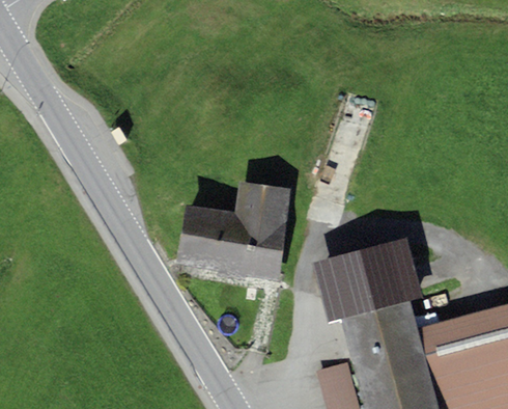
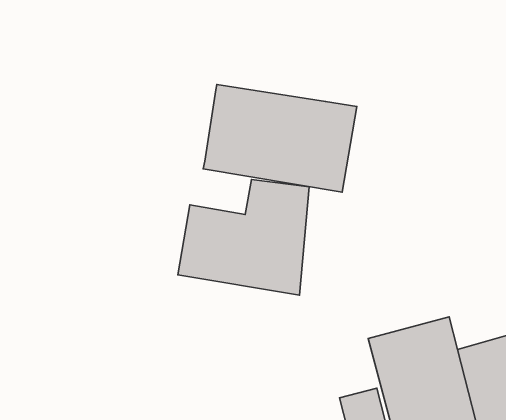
building: none -> [203,85,357,192]
building: [314,238,421,322] -> none

